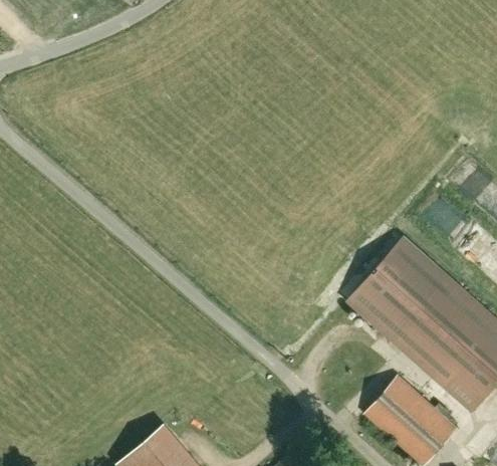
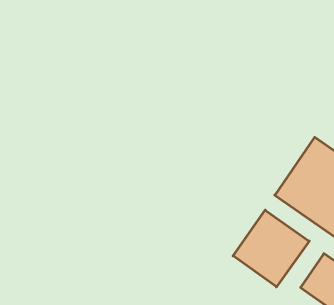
building: none -> [233,210,309,287]

